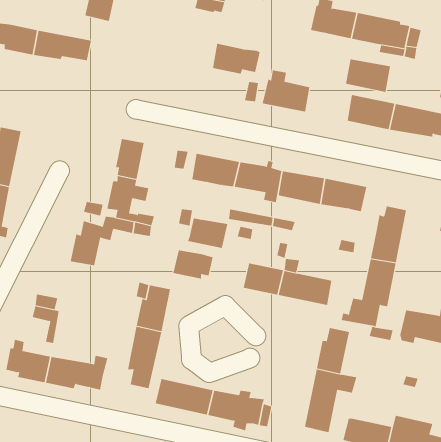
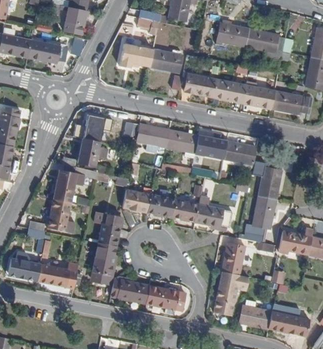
building: none -> [122,43,153,66]
building: [345,59,391,93] -> [214,79,245,102]
building: [187,218,228,249] -> [147,195,175,216]
building: none -> [47,198,74,230]

